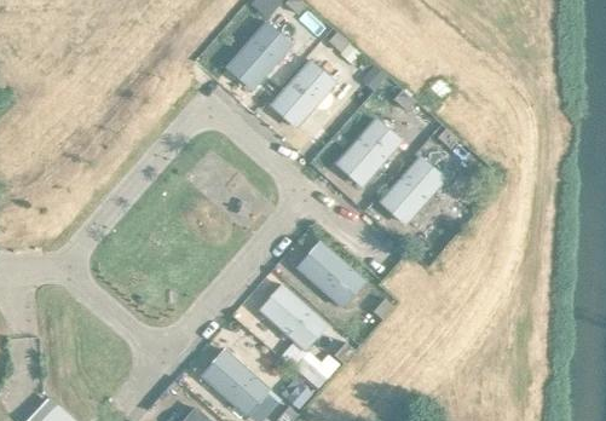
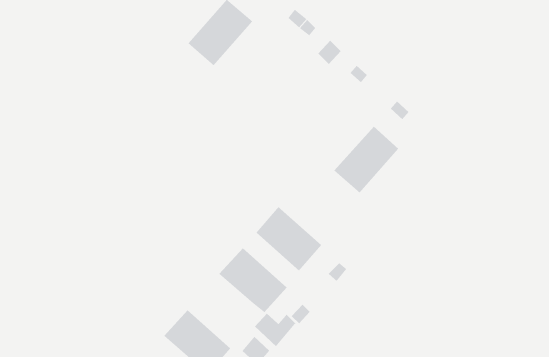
building: [267,51,344,129] -> none
building: [333,117,403,189] -> none

